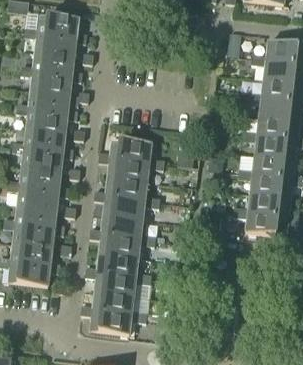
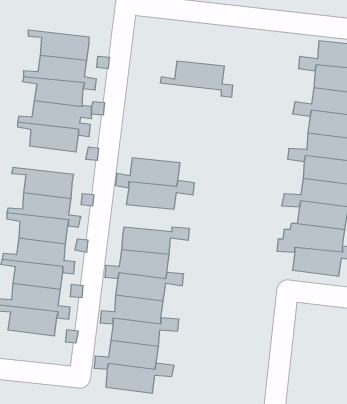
building: [25,13,86,43] -> [160,61,233,97]
building: [12,128,73,158] -> none
building: [93,177,147,201] -> none

